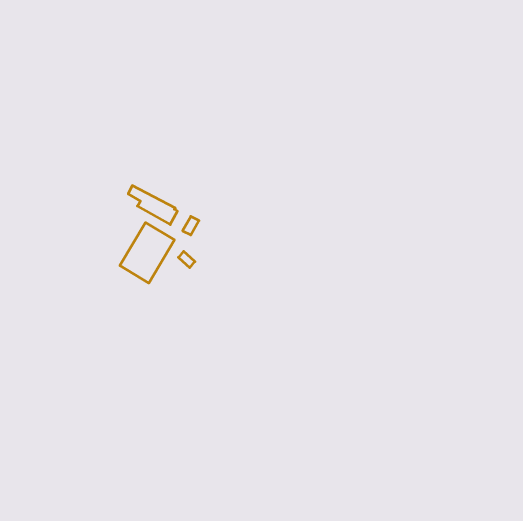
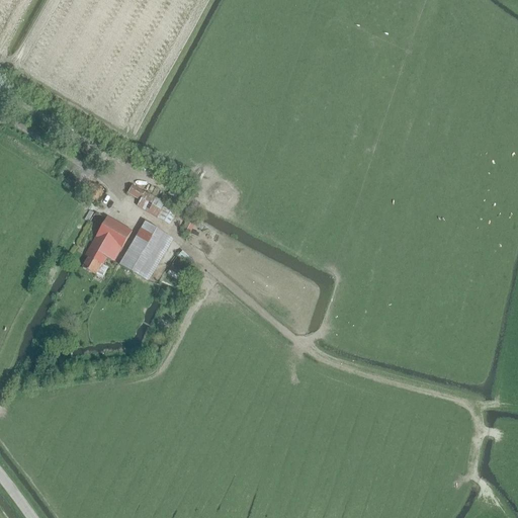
building: none -> [81,214,131,274]

